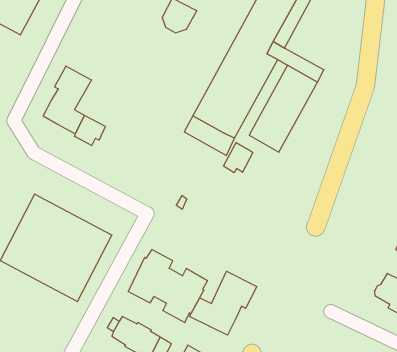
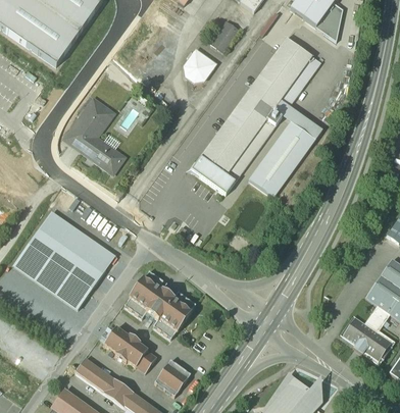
building: [223,142,253,173] -> none
building: [190,271,257,335] -> none

